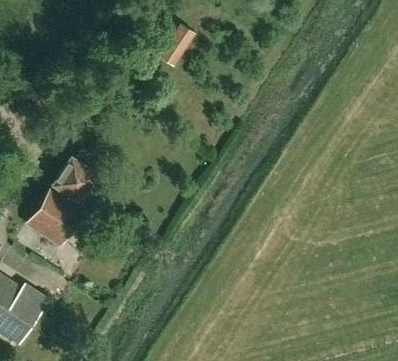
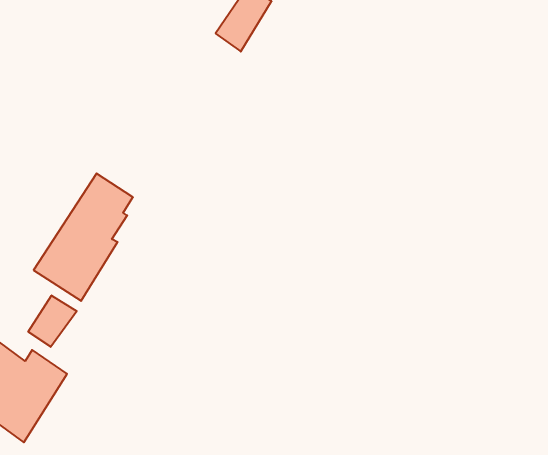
building: none -> [28,295,77,347]

